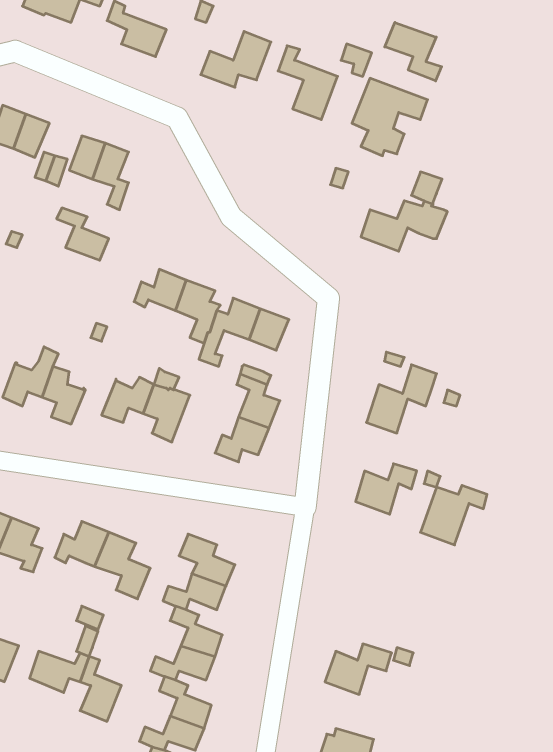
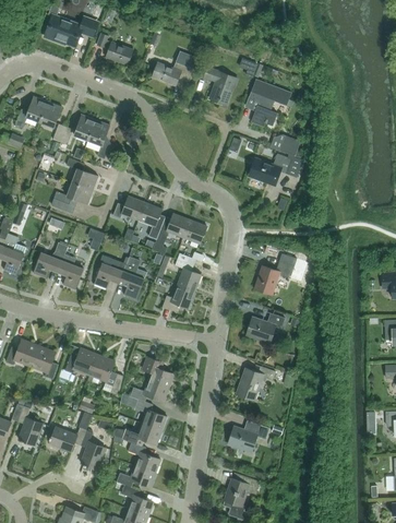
building: [385,22,442,81] -> none
building: none -> [50,182,92,214]
building: [420,485,487,545] -> [233,366,274,402]

